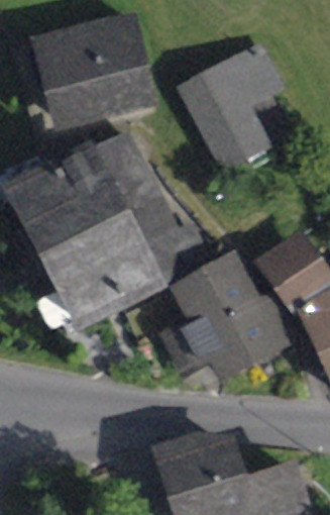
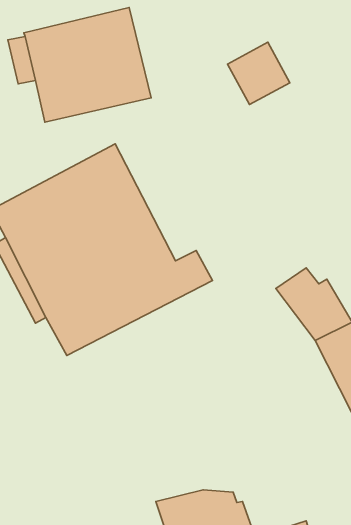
building: [184,68,263,167] -> none
building: [170,258,293,375] -> none

